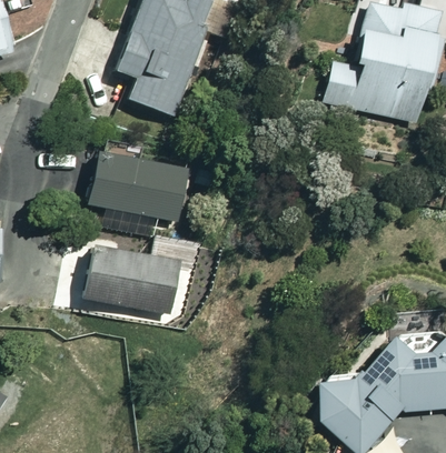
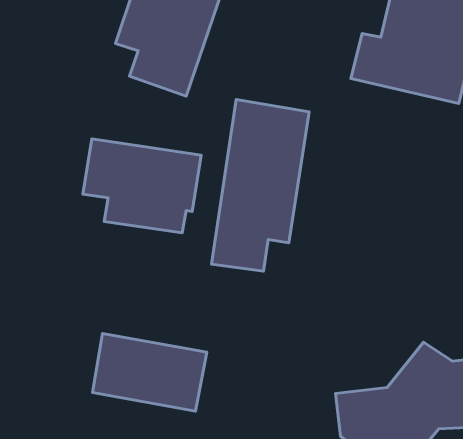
building: none -> [212,100,309,271]
building: [83,245,185,314] -> [92,333,207,411]

